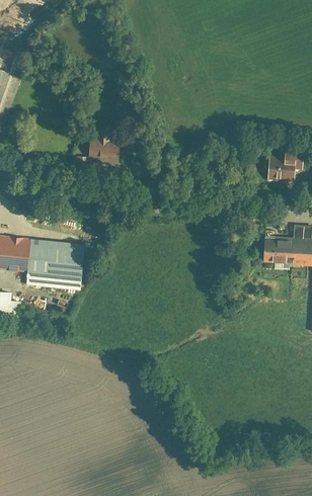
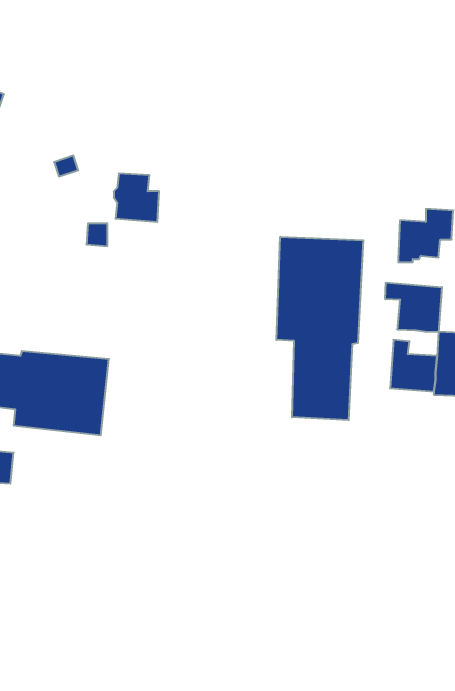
building: none -> [276,237,363,420]
building: none -> [385,283,442,332]

